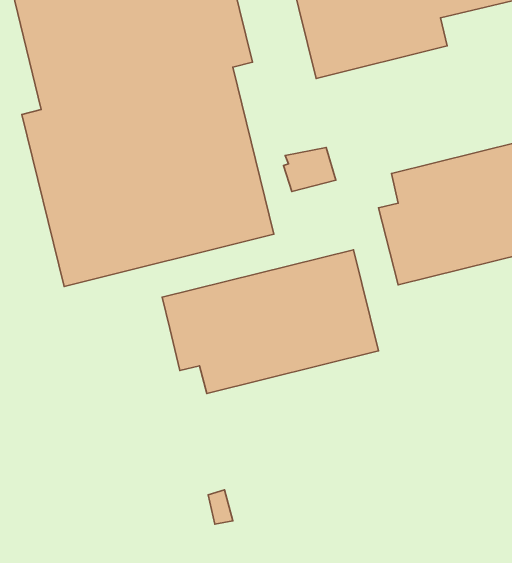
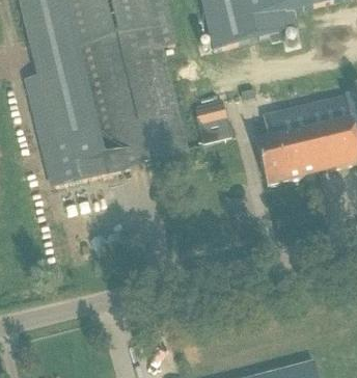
building: [162,250,379,393] -> none

